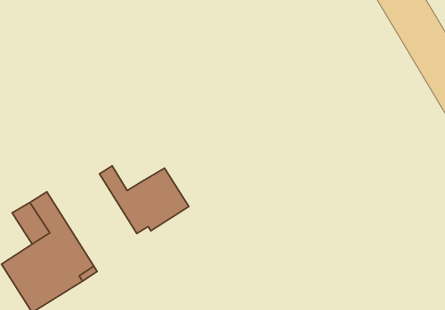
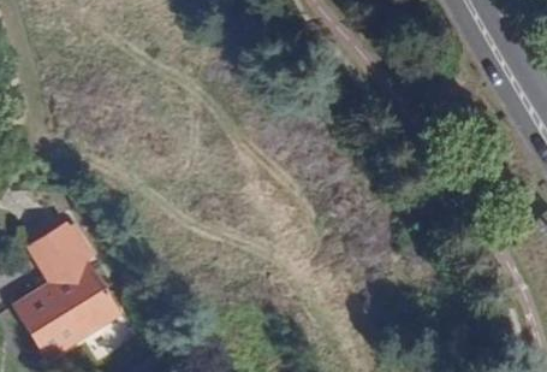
building: [99,166,189,234] -> none

